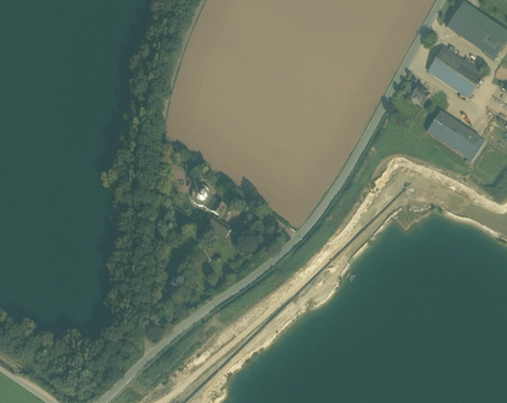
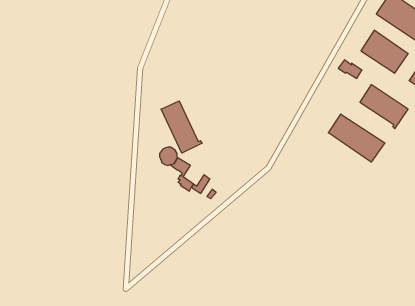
building: none -> [161,101,202,153]
building: none -> [328,114,385,162]

